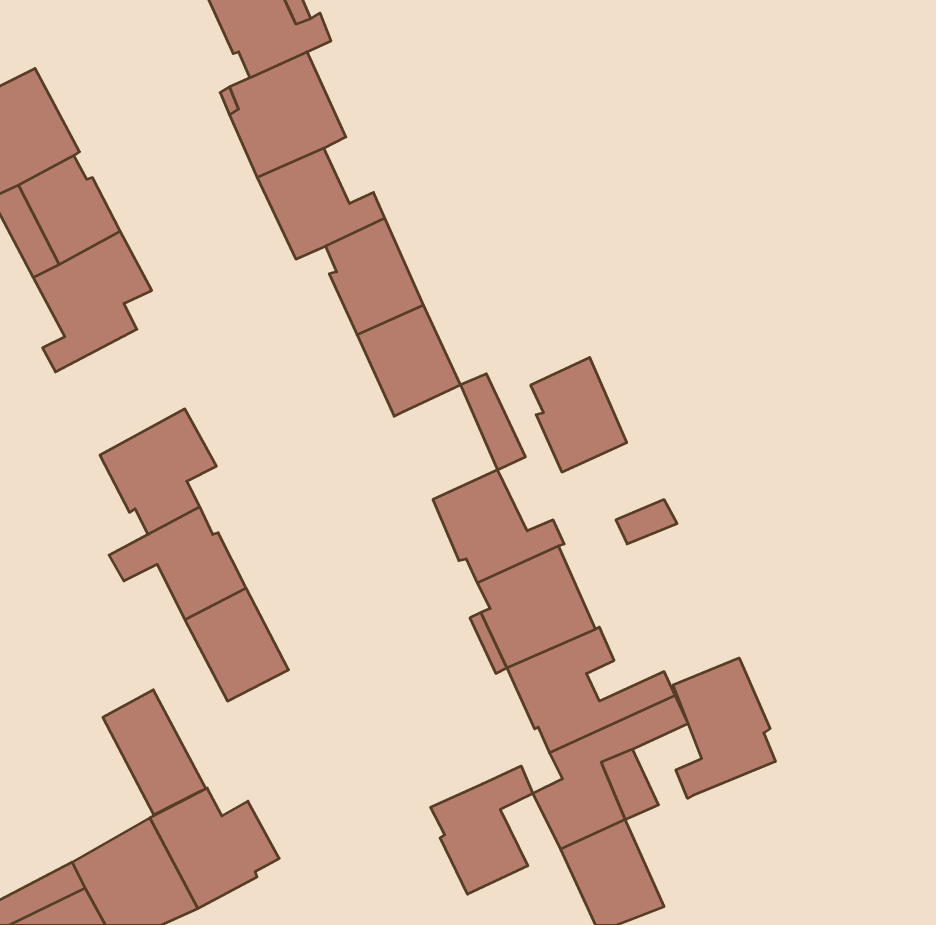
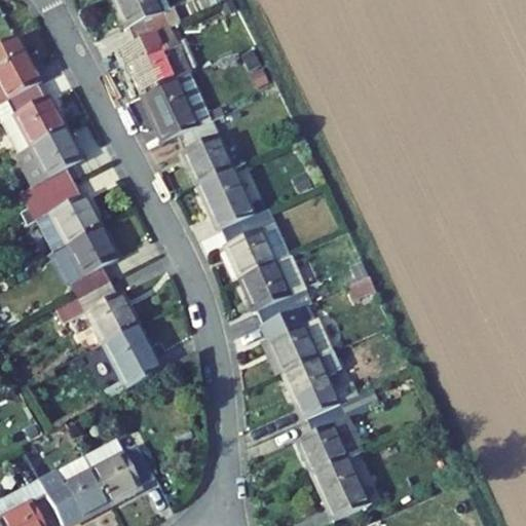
building: none -> [31,183,103,253]
building: [531,357,627,472] -> [223,214,276,277]
building: [673,658,775,798] -> none
building: [103,690,206,815] -> none
building: [431,766,533,894] -> none

